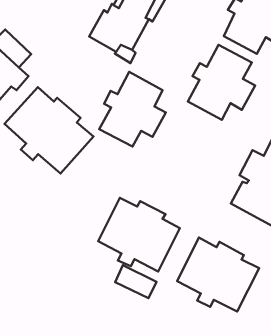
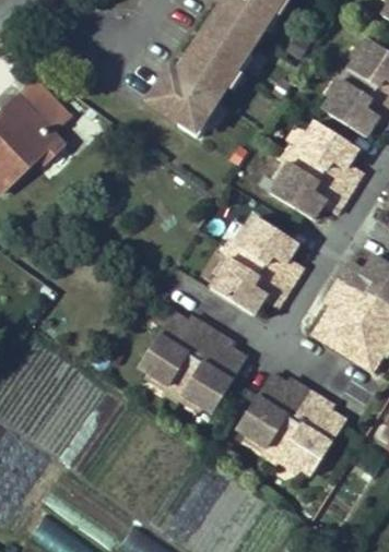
building: [99,72,166,147] -> [210,216,298,314]
building: [5,87,94,174] -> none
building: [115,265,157,298] -> none

